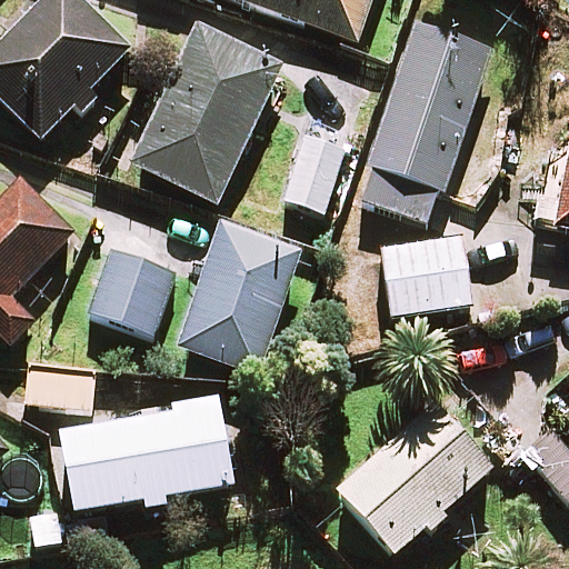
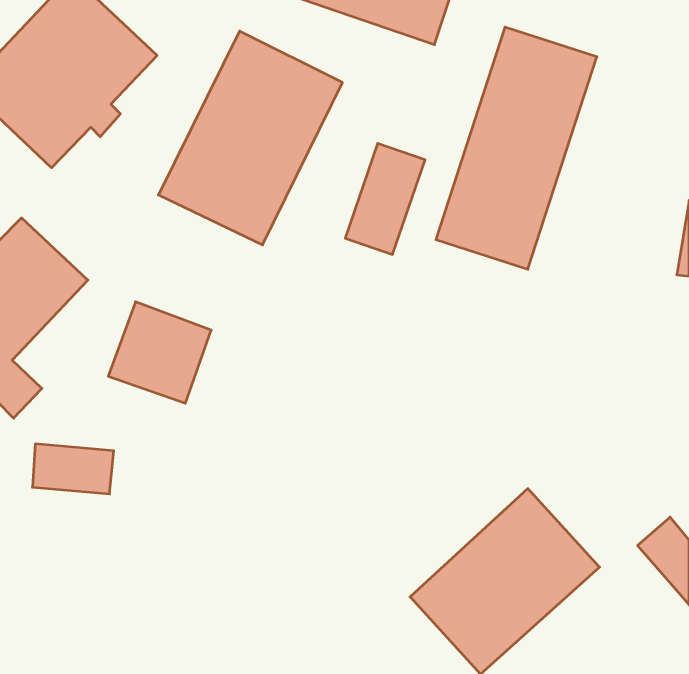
building: [179,223,300,372] -> none
building: [383,239,471,315] -> none
building: [60,405,232,510] -> none

